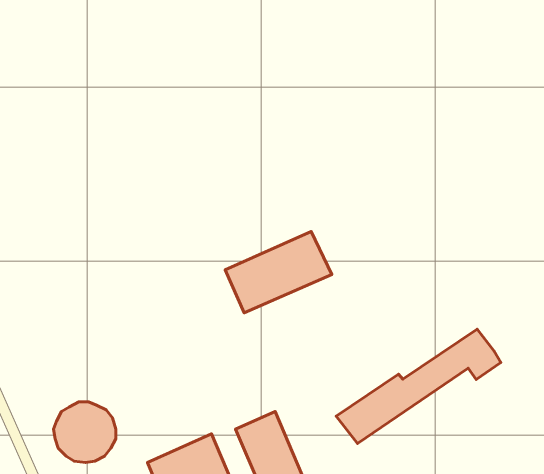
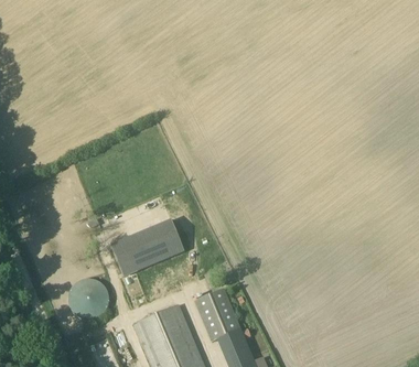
building: [225,231,332,313] -> [111,217,185,273]
building: [336,329,501,443] -> none

